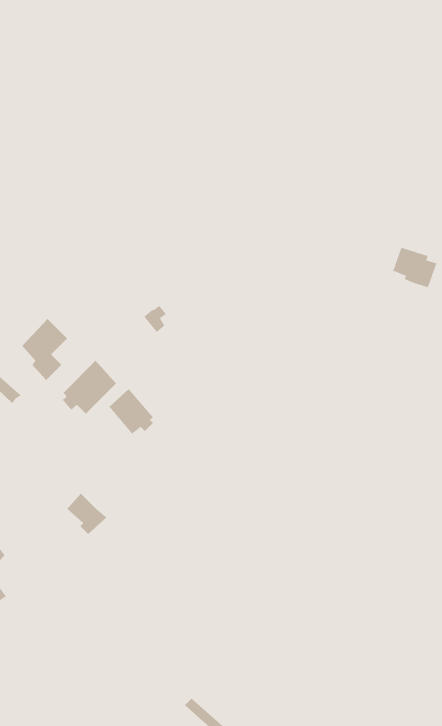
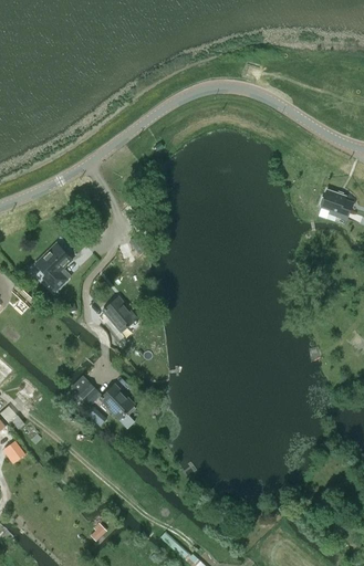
building: [62,360,117,415] -> none
building: none -> [100,384,135,420]

